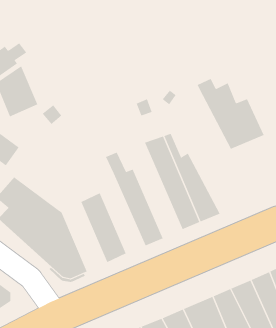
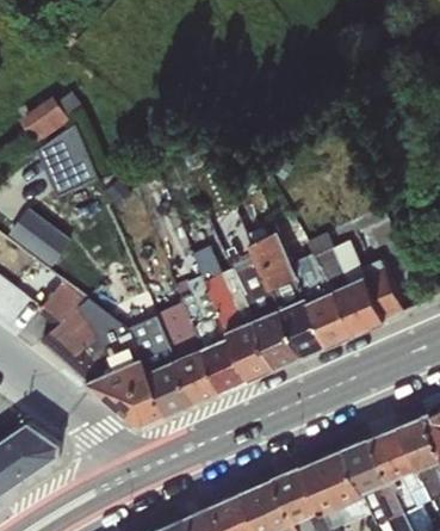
building: [197,78,264,149] -> [306,233,402,333]
building: none -> [231,252,300,368]
building: none -> [176,276,248,389]
building: none -> [128,316,194,414]

